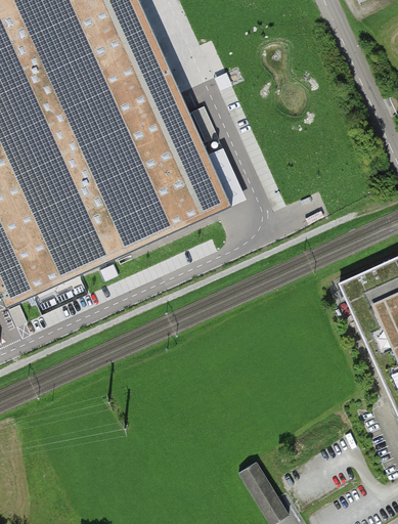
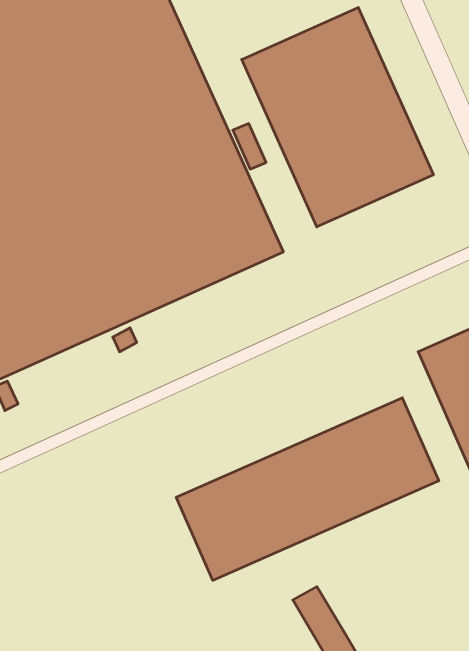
building: none -> [242,7,433,227]
building: none -> [176,398,439,580]

